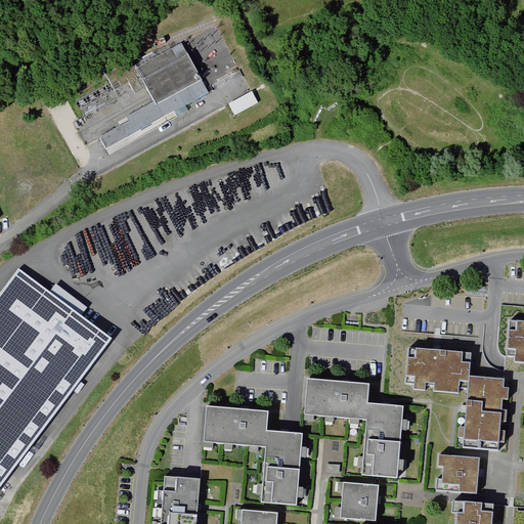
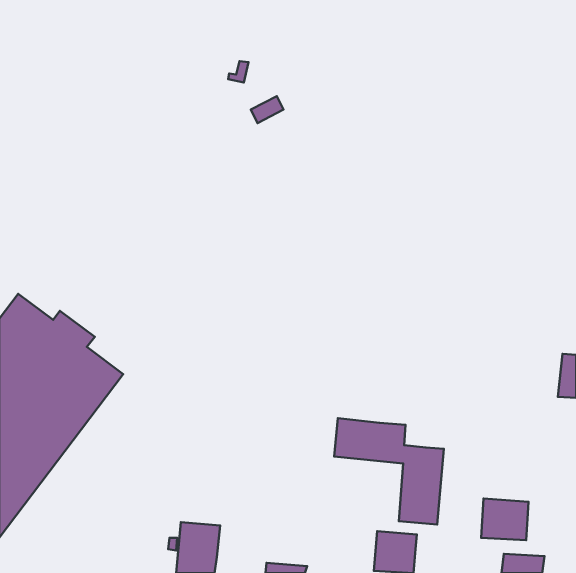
building: [98,39,210,154] -> none
building: [403,346,508,448] -> none
building: [204,408,302,506] -> none

